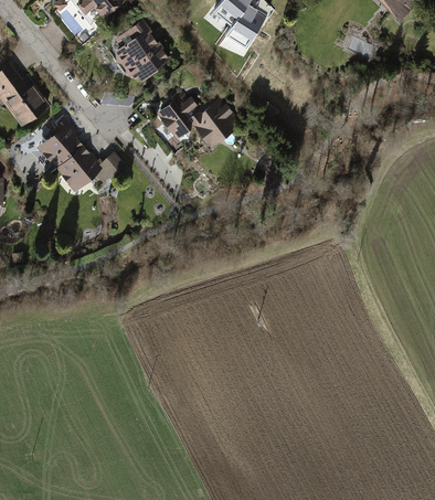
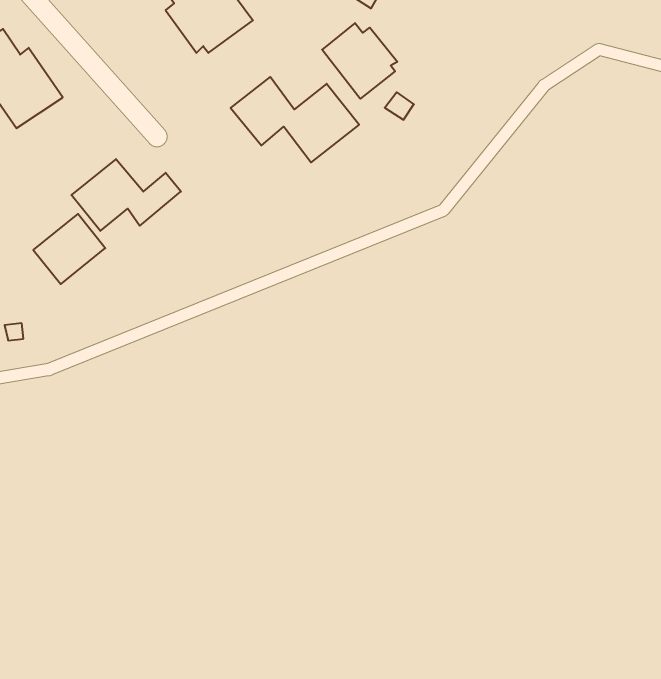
building: none -> [322,23,397,99]
building: [35,124,82,169] -> [33,214,105,284]

